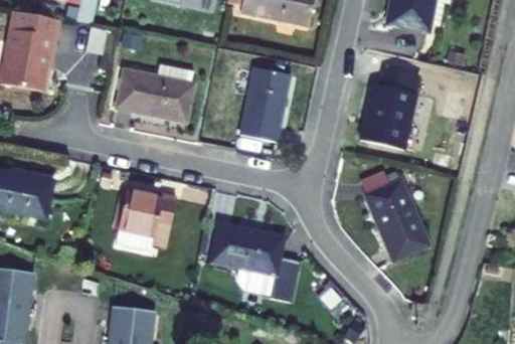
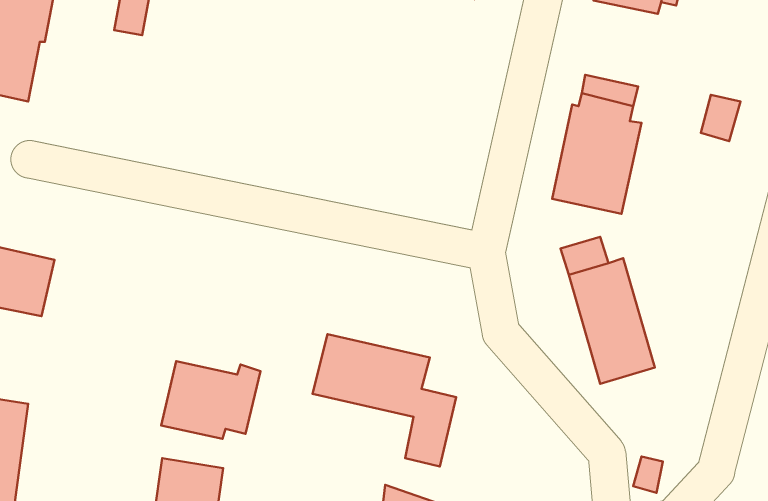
building: [122,61,194,118] -> none
building: [236,67,286,143] -> none
building: [124,192,184,239] -> [161,361,260,439]

